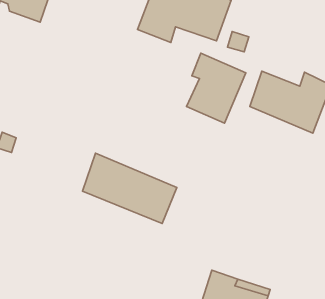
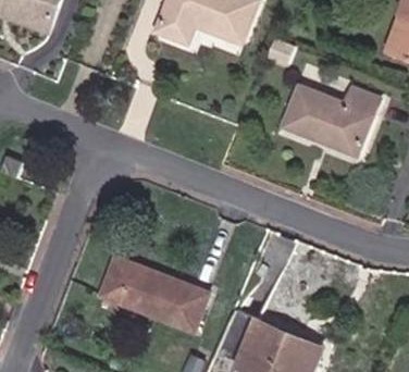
building: [186,53,246,123] -> none
building: [82,153,177,223] -> [107,257,218,339]

